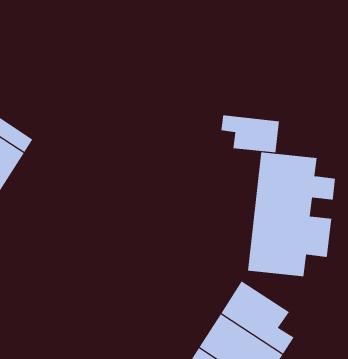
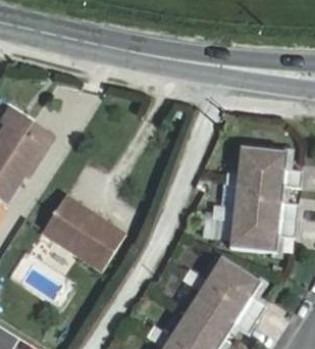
building: [221,115,280,153] -> none
building: none -> [40,195,125,273]

